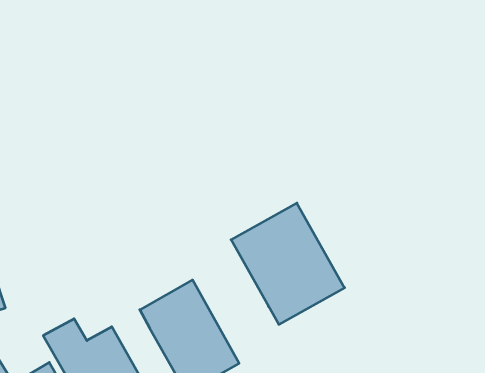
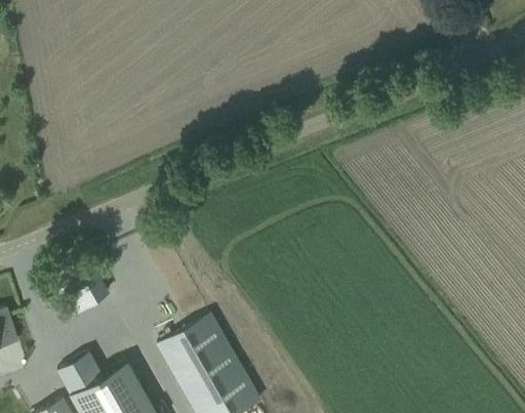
building: [231,203,345,324] -> none

